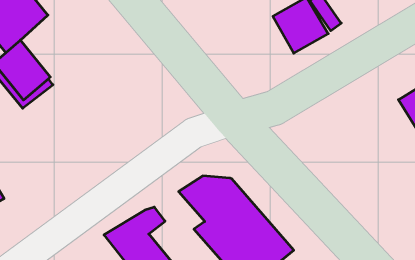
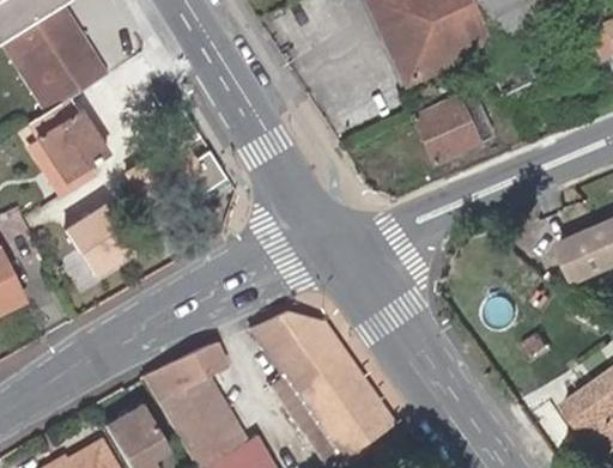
building: none -> [66,203,134,273]

